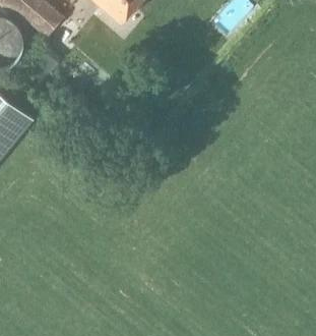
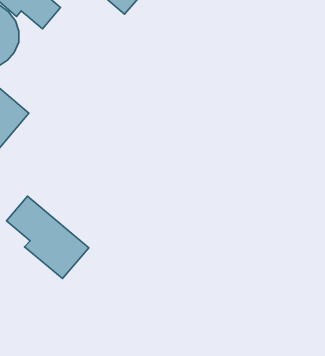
building: none -> [7,196,89,278]

